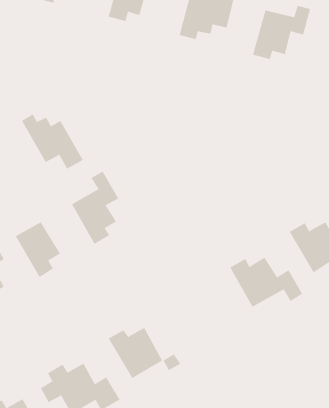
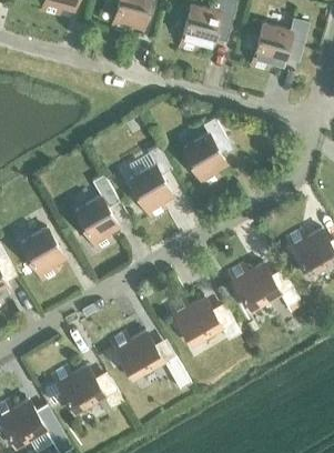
building: none -> [183,117,227,188]
building: [21,114,83,169] -> none
building: none -> [129,164,173,219]
building: none -> [170,296,241,345]

